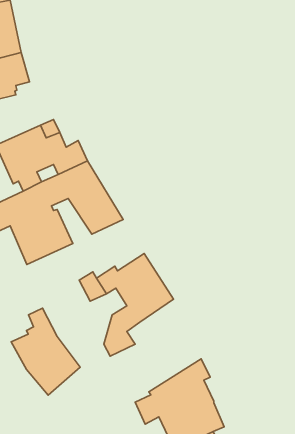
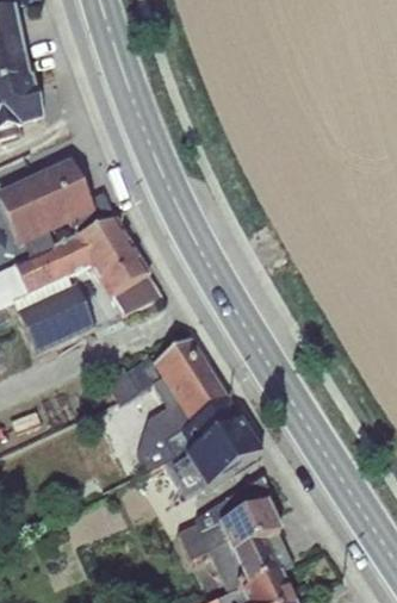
building: none -> [168,397,261,495]
building: [11,308,80,395] -> none

